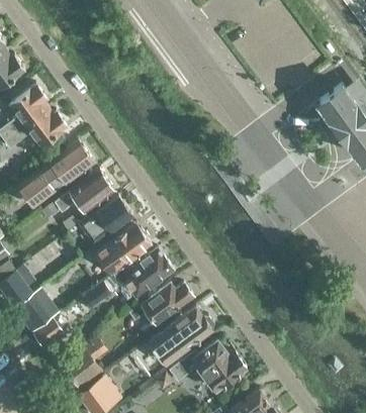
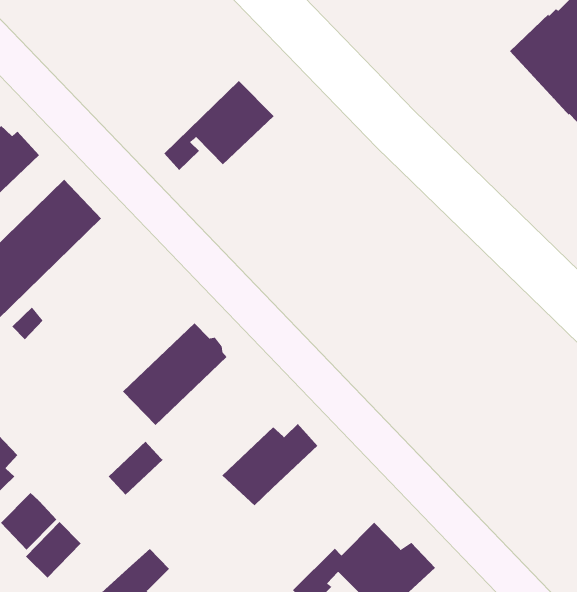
building: [54,169,114,212] -> [163,80,274,171]
building: [78,195,132,244] -> none
building: [113,247,172,298] -> none
building: [148,307,212,364] -> none

